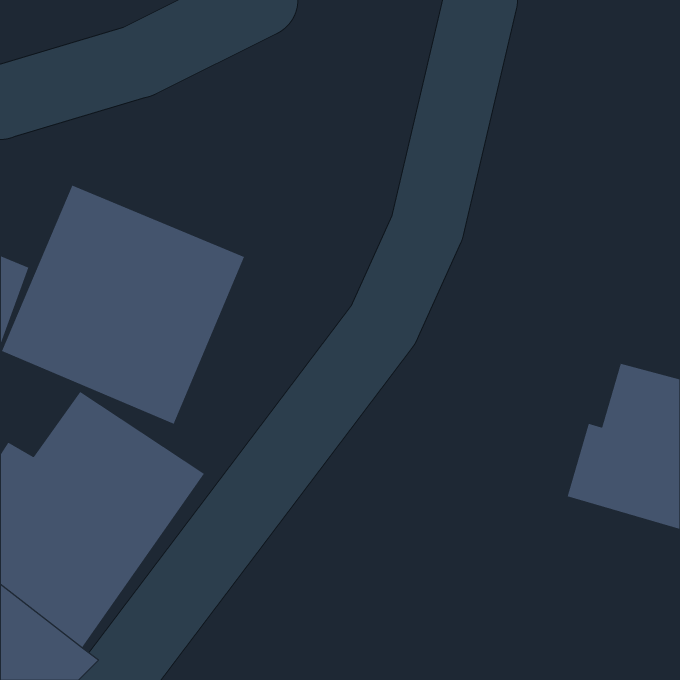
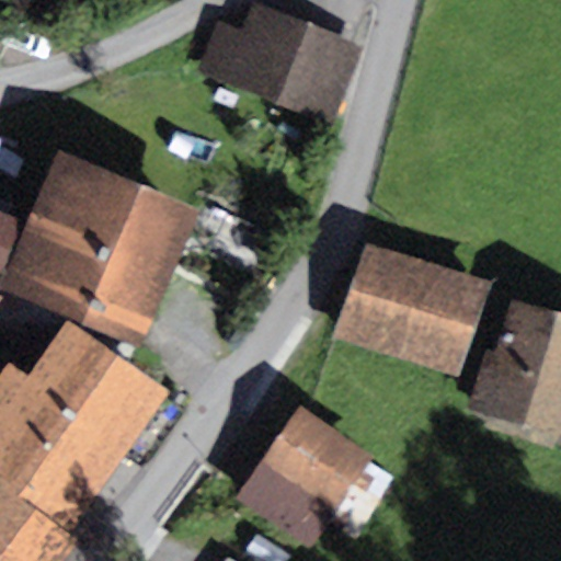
building: none -> [197,4,362,123]
building: none -> [333,242,486,375]
building: none -> [239,408,375,550]

